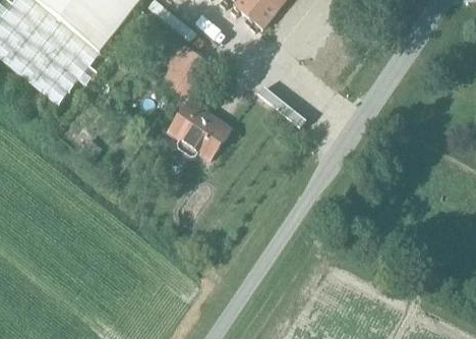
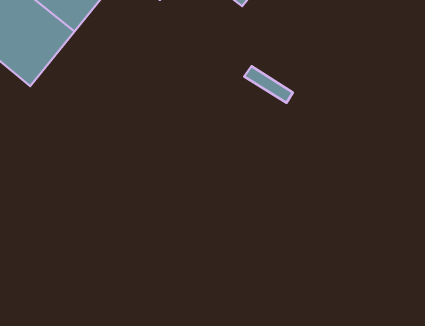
building: [168,98,231,158] -> none

